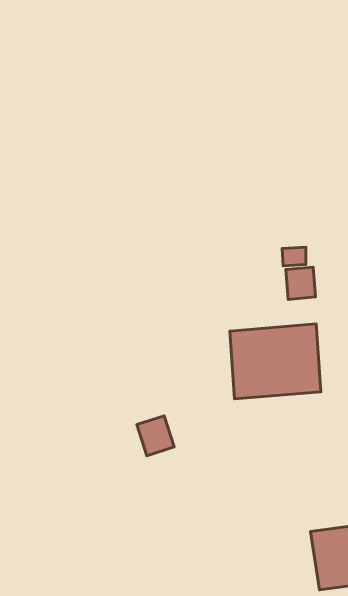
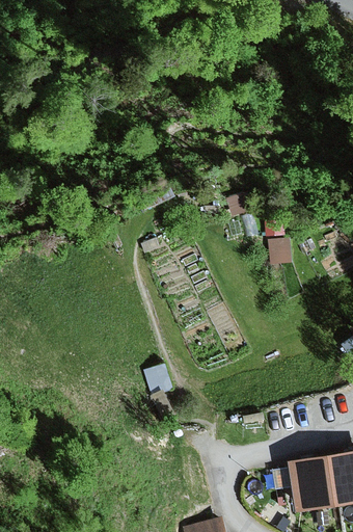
building: [230,324,321,399] -> none

